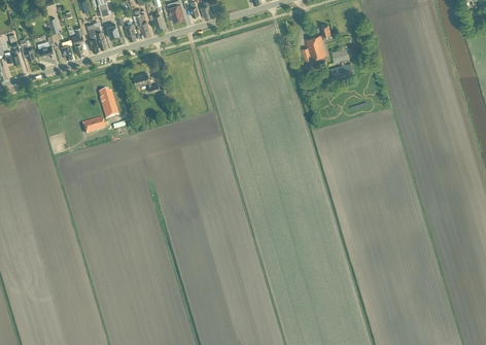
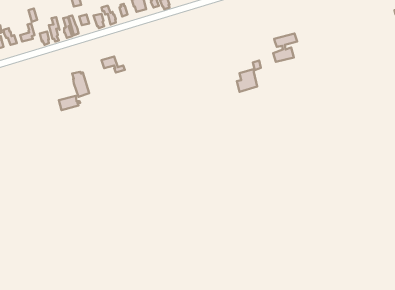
building: [302,24,329,60] -> [237,61,261,92]

